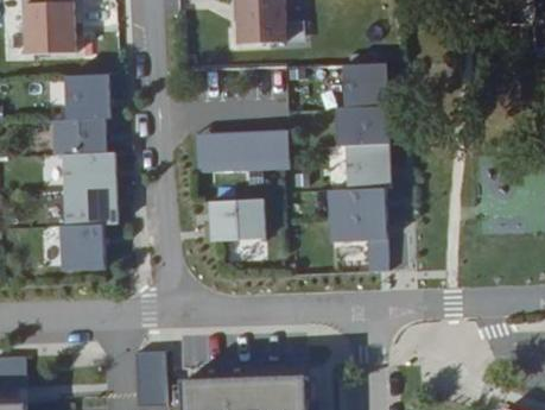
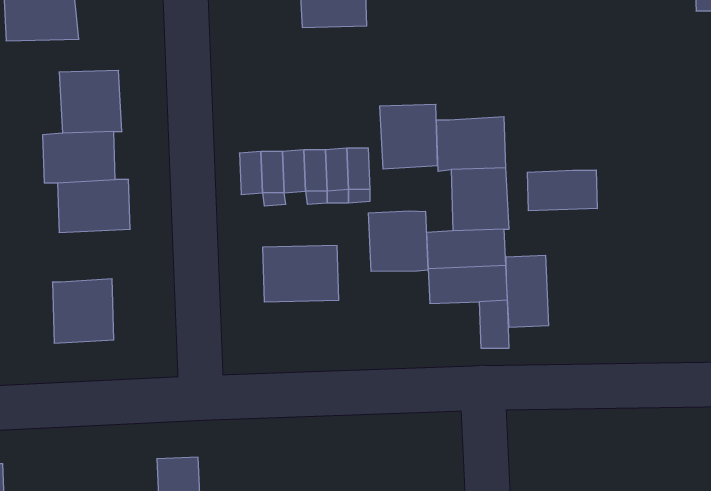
building: [342,63,384,109] -> [380,104,438,169]
building: none -> [527,170,597,211]
building: none -> [369,211,428,271]
building: [64,188,116,226] -> none
building: none -> [506,255,548,327]

